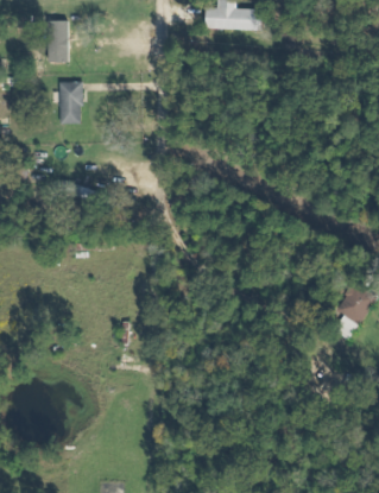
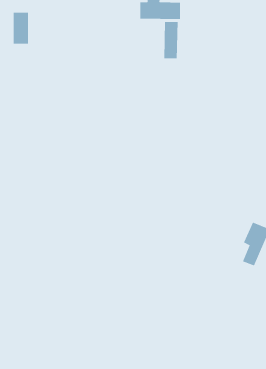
building: none -> [164,21,178,59]
building: [58,81,82,122] -> none

